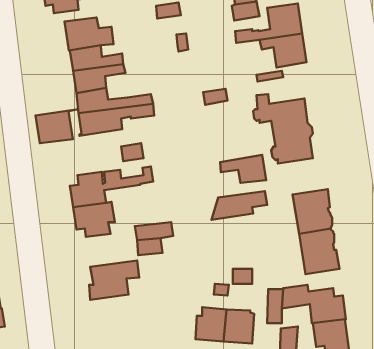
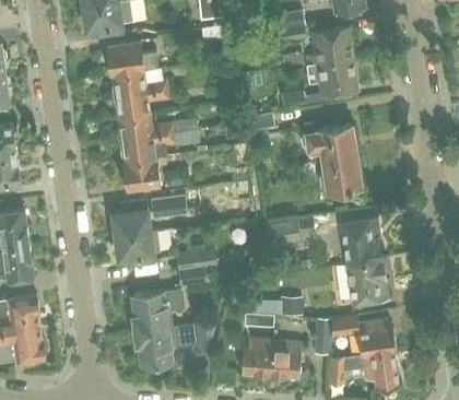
building: [35,109,78,143] -> [121,155,165,190]
building: [220,155,266,183] -> none
building: none -> [132,320,208,364]

